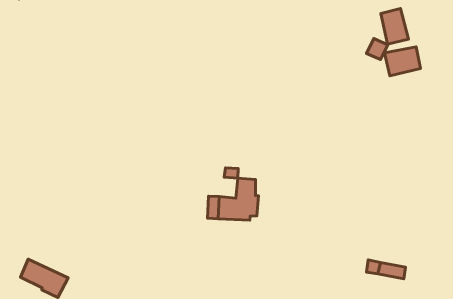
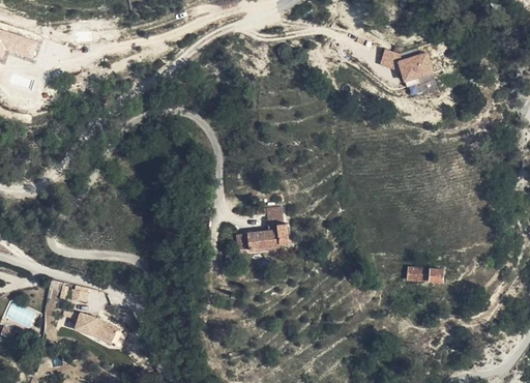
building: [381,8,409,44] -> none

